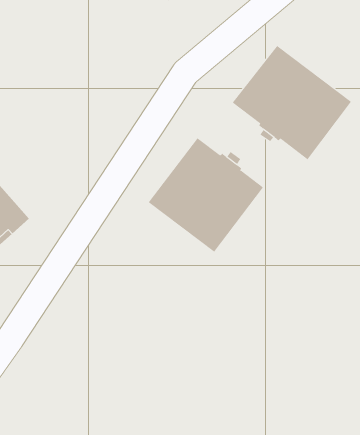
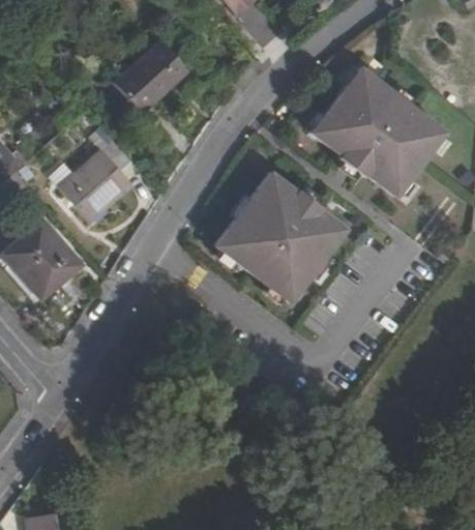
building: none -> [115,45,187,113]
building: none -> [60,139,133,222]

